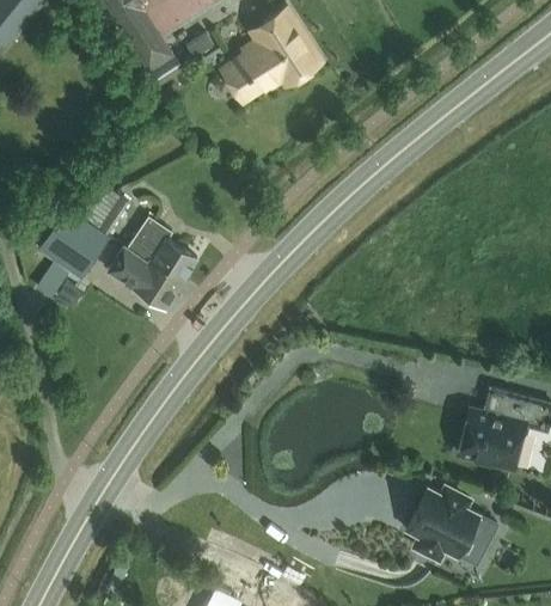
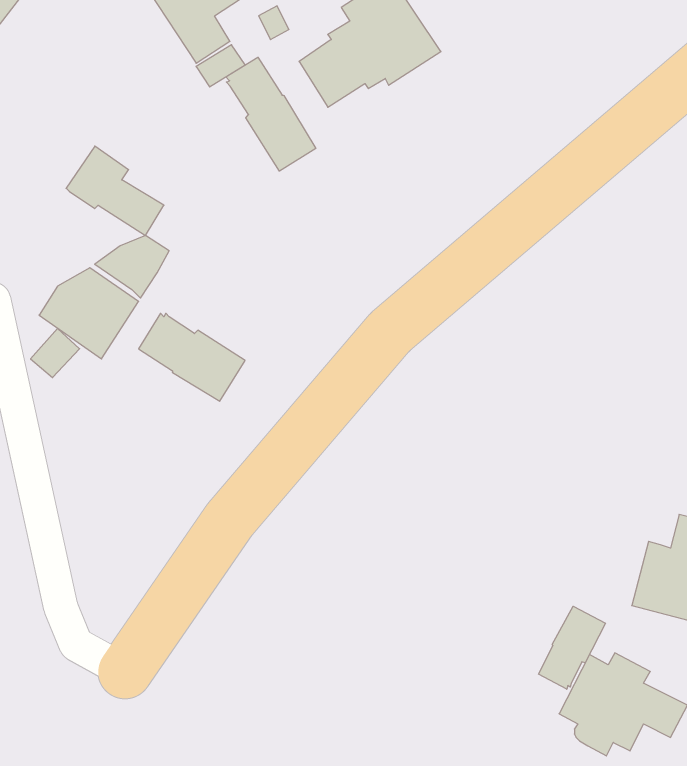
building: none -> [226,57,316,171]
building: [128,216,197,280] -> [66,146,164,236]
building: none -> [539,606,605,689]

